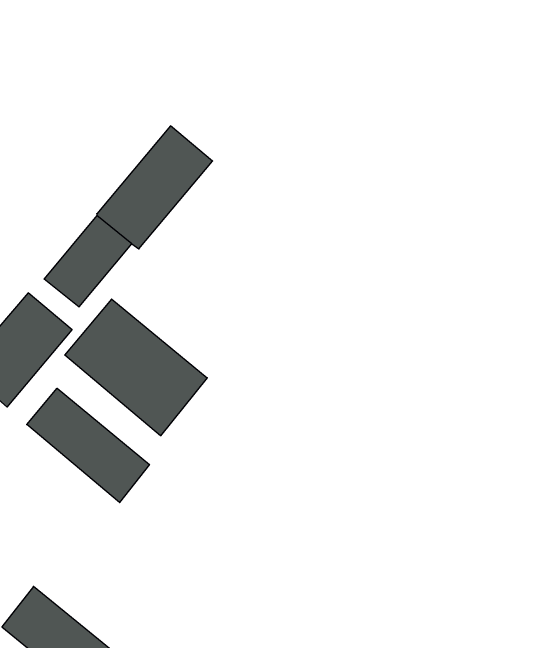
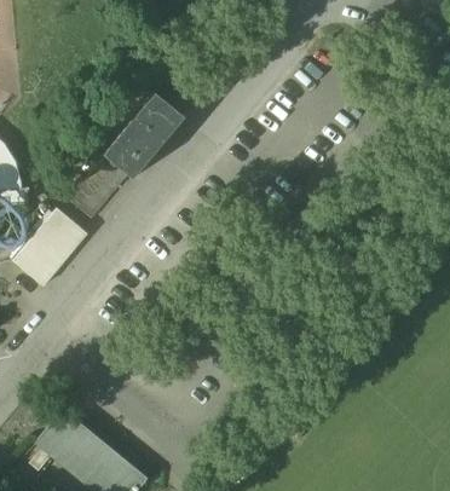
building: [65,299,207,436] -> none
building: [27,388,149,503] -> none

